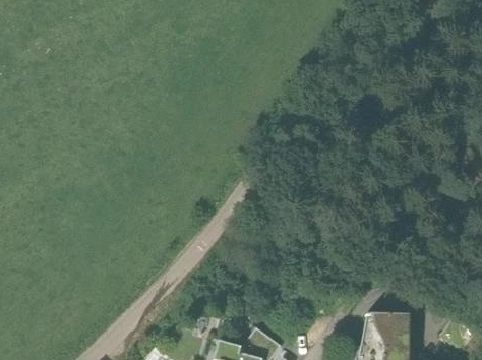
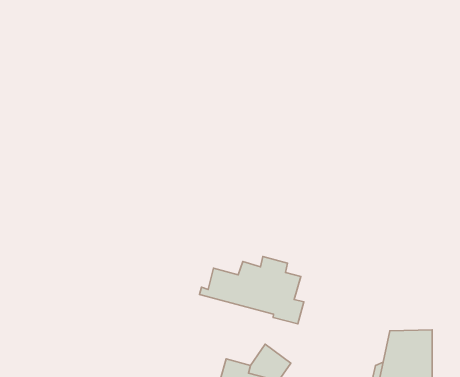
building: none -> [200,257,304,324]

